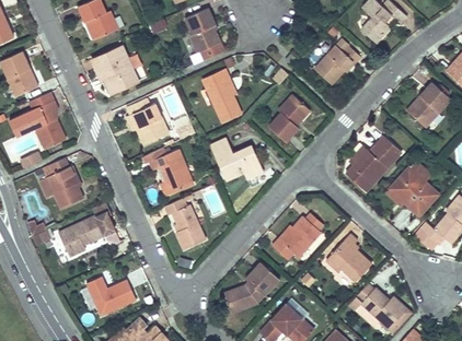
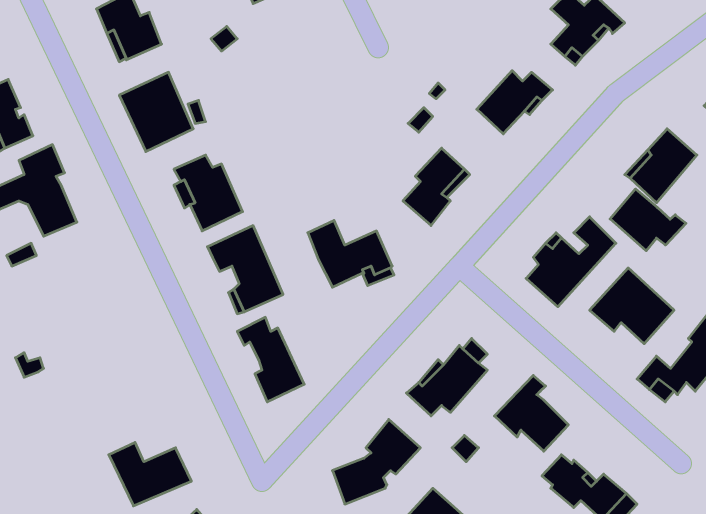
building: [184,9,220,52] -> none
building: [201,69,243,124] -> none
building: none -> [610,189,686,251]
building: [46,157,83,210] -> none
building: [57,213,113,254] -> none

